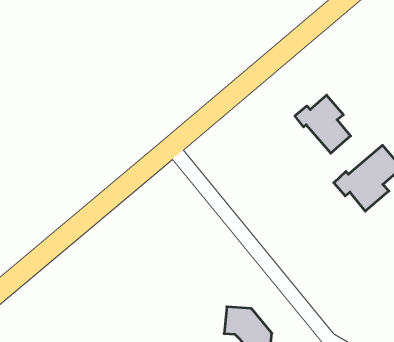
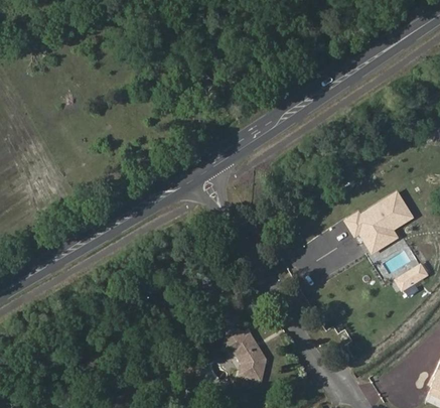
building: [295,95,351,153] -> none

